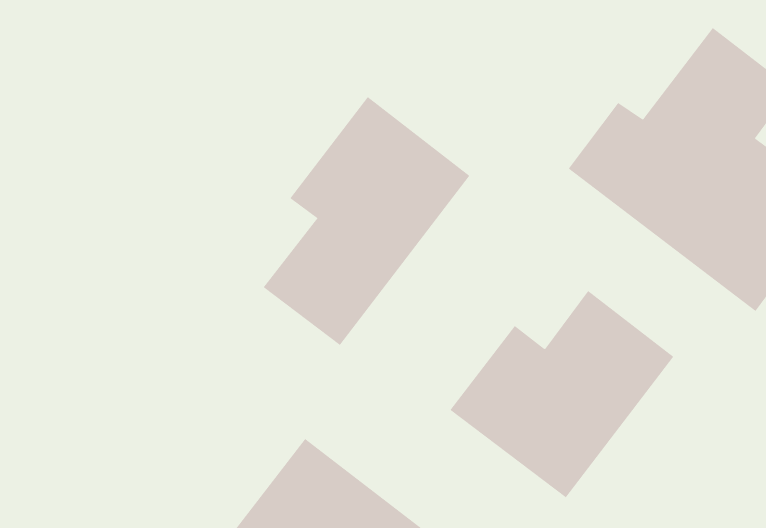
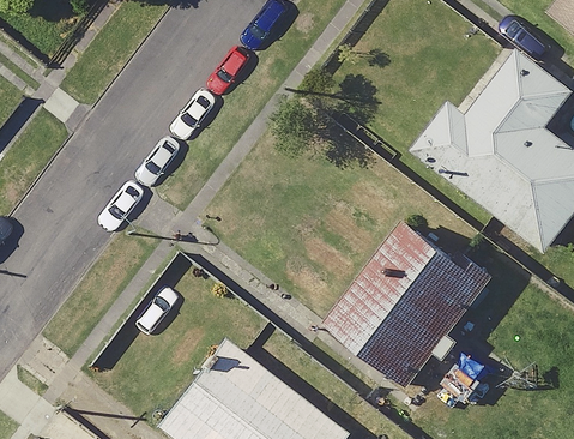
building: [263,96,470,346] -> none

